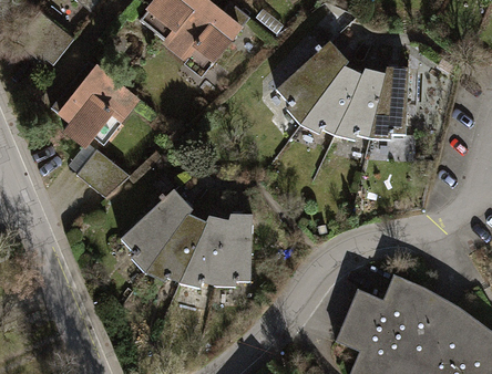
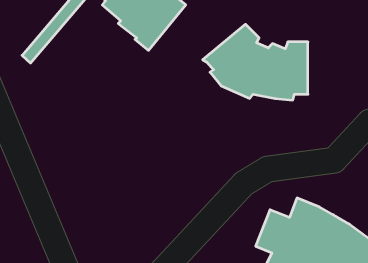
building: [57,60,142,145] -> none
building: [78,148,125,195] -> none
building: [120,187,250,280] -> none

